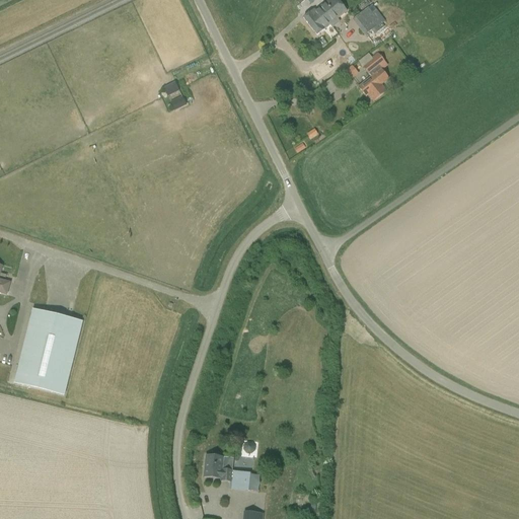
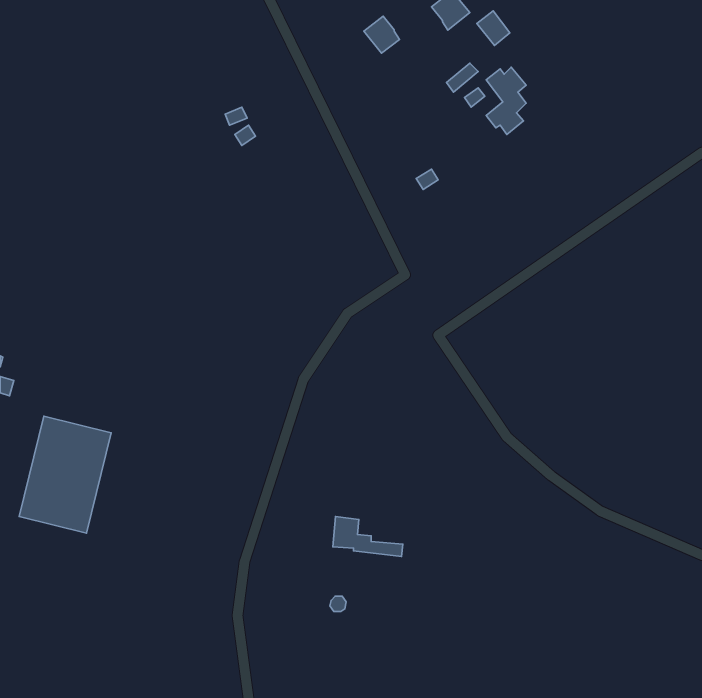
building: [304,5,330,32] -> [364,16,400,53]
building: [205,453,256,483] -> [333,517,403,556]

